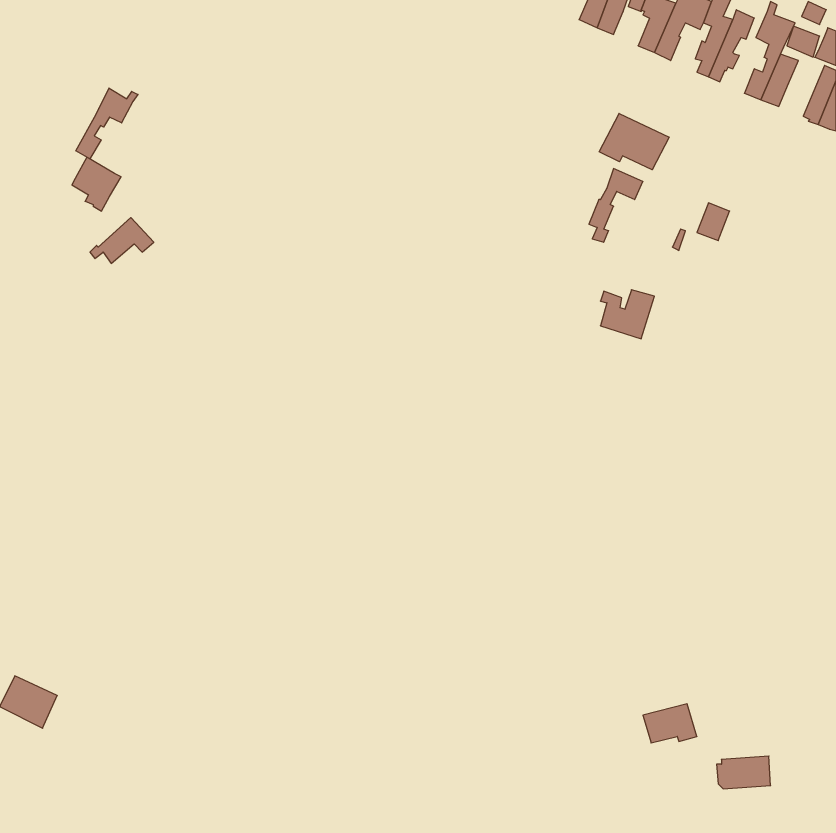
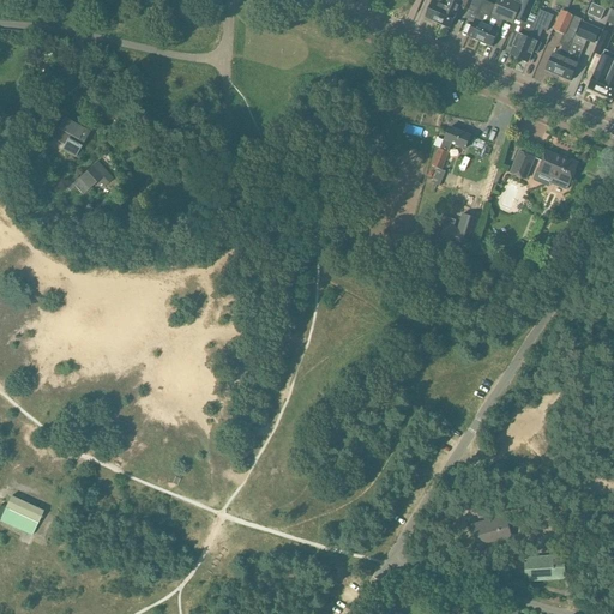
building: [76,88,138,159] -> none
building: [599,113,669,170] -> none
building: none -> [537,149,578,188]

